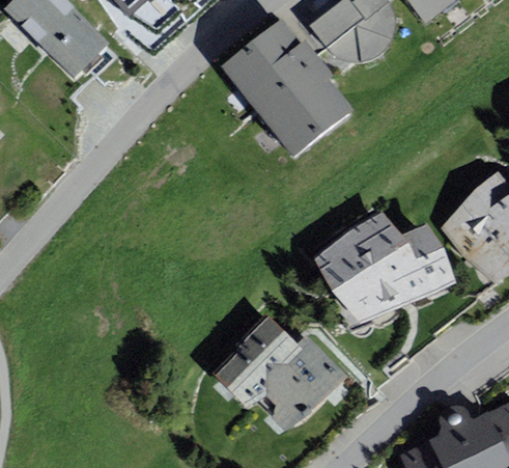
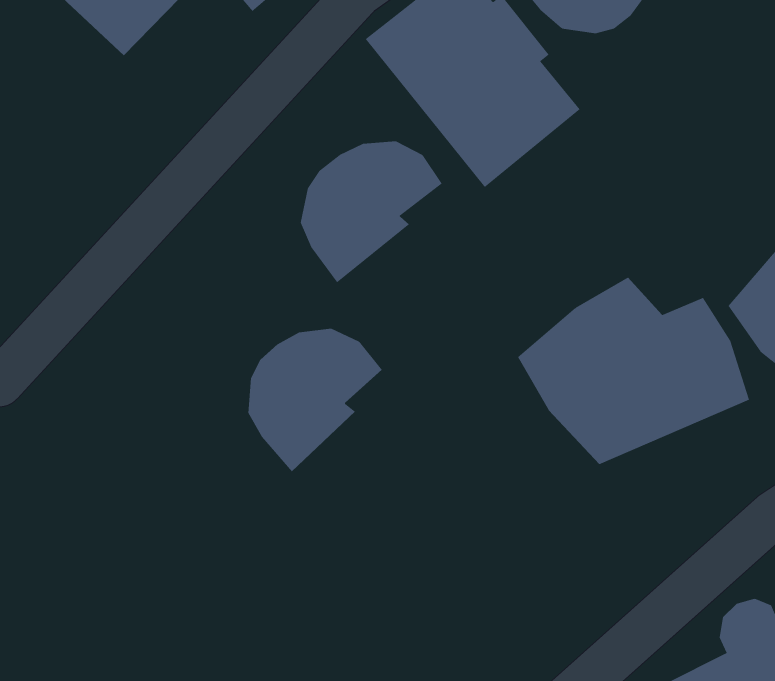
building: none -> [300,140,442,283]
building: none -> [248,328,383,472]
building: [211,312,346,433] -> none

